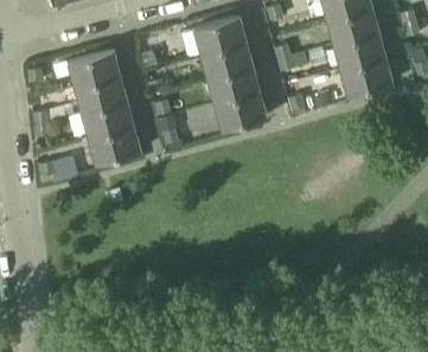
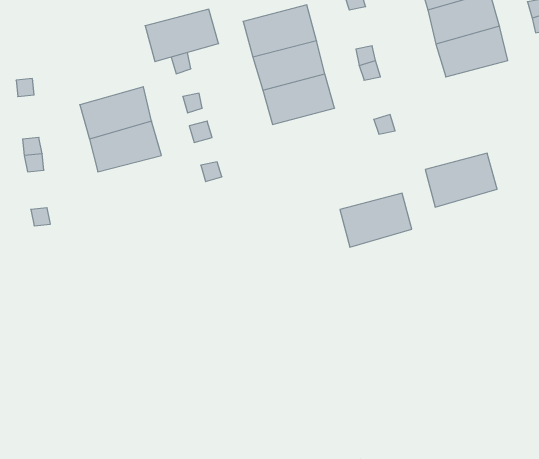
building: [68,55,121,92] -> [145,9,219,62]
building: [340,60,392,100] -> [425,153,497,207]
building: [215,95,267,134] -> [340,193,412,247]
building: [88,129,141,167] -> none

